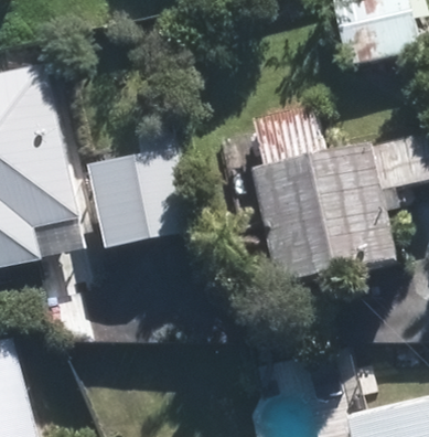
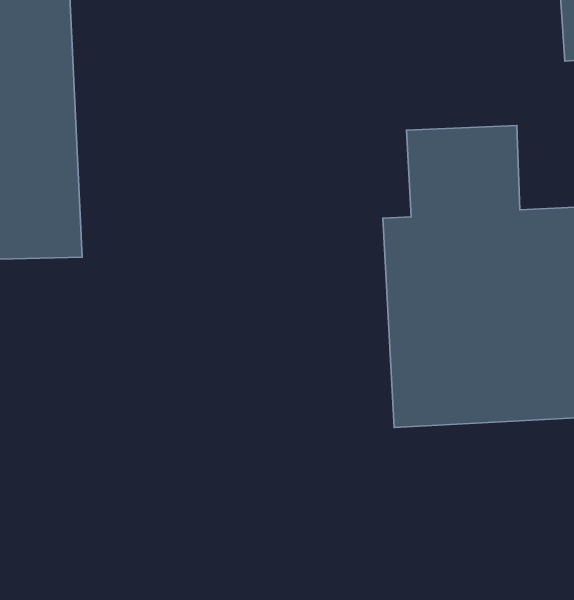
building: [95,146,202,244] -> none

